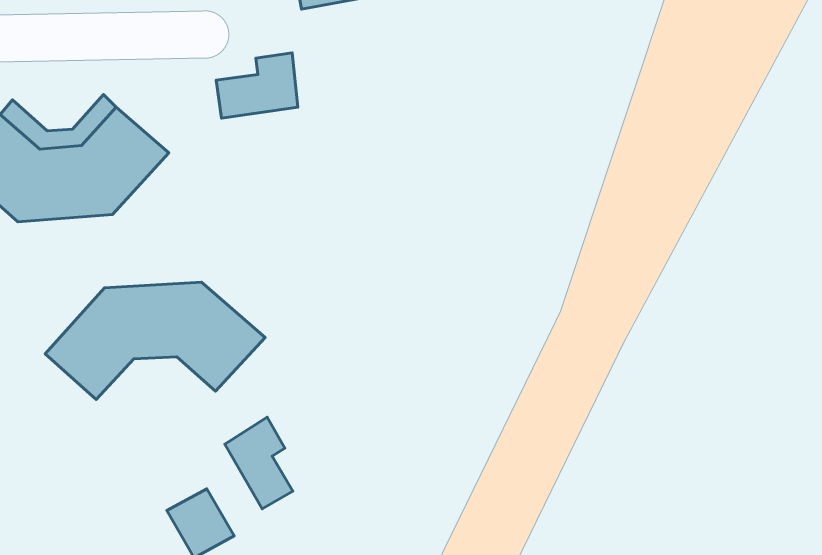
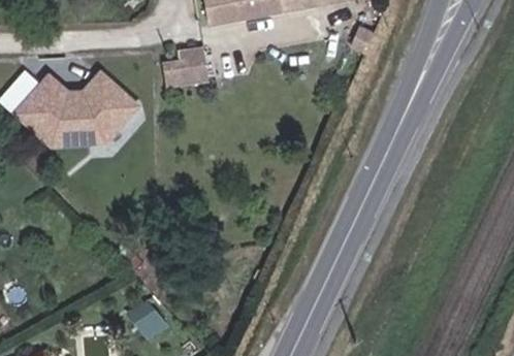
building: [45,282,265,400] -> none
building: [225,417,293,509] -> none

